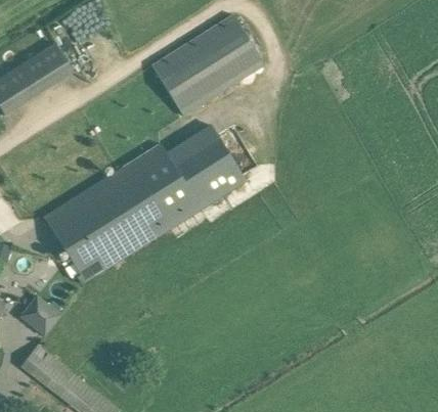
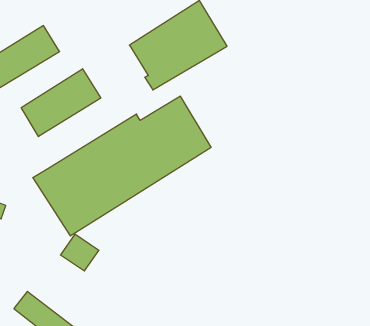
building: none -> [21,69,101,137]
building: [18,293,62,335] -> [60,234,99,271]

